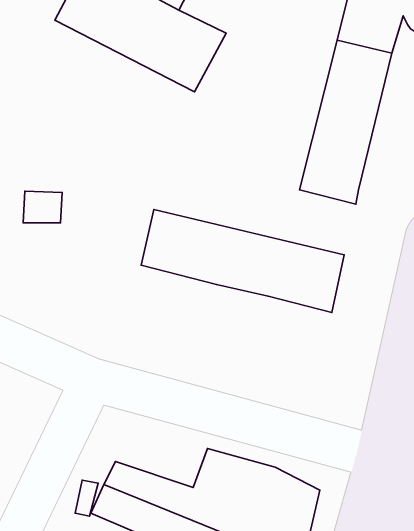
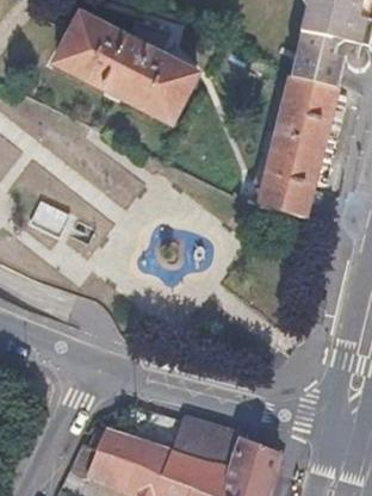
building: [141,210,344,312] -> none

